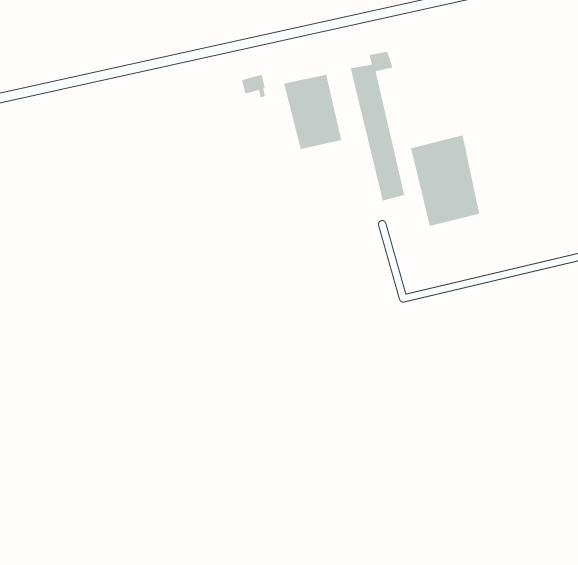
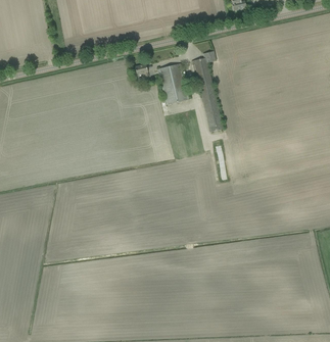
building: [410,134,480,227] -> none

